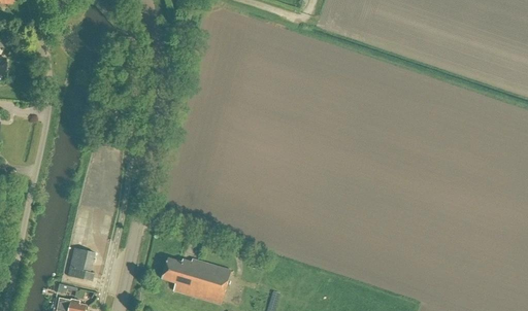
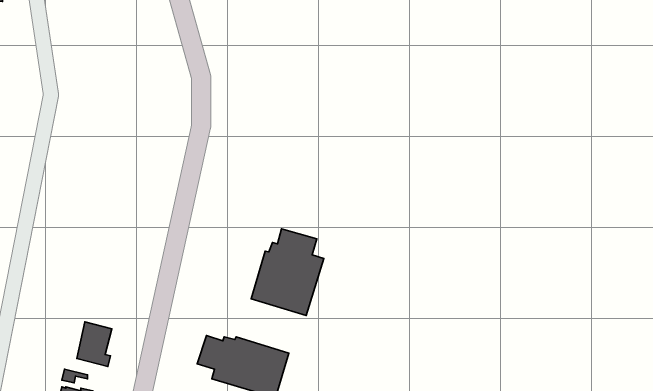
building: none -> [251,229,324,316]

